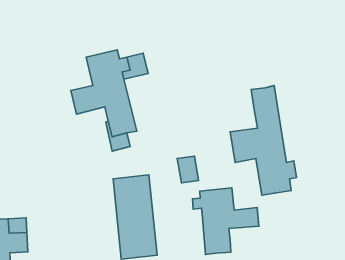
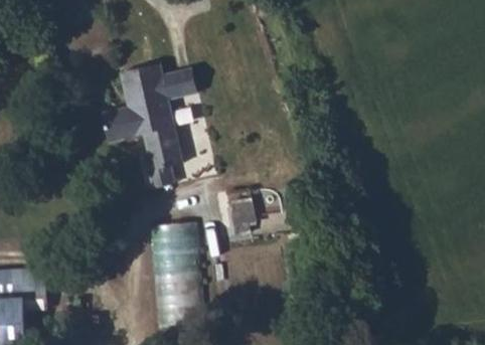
building: [230,86,297,195] -> none
building: [192,188,259,255] -> none

